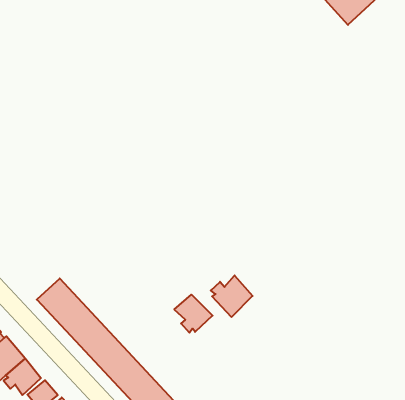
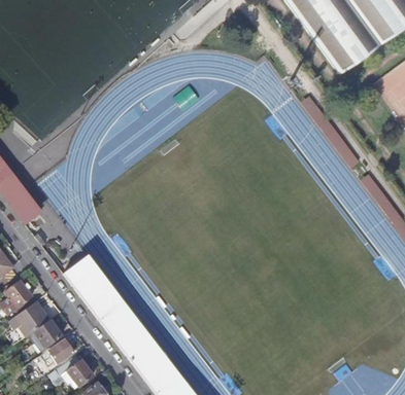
building: [211,275,253,317] -> none
building: [174,295,213,333] -> none

